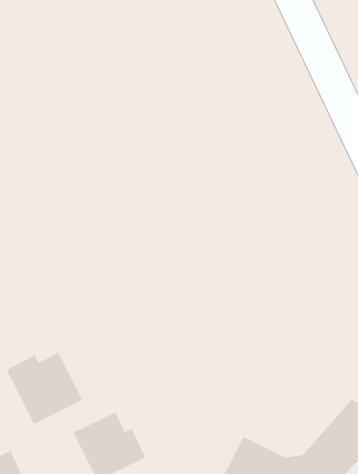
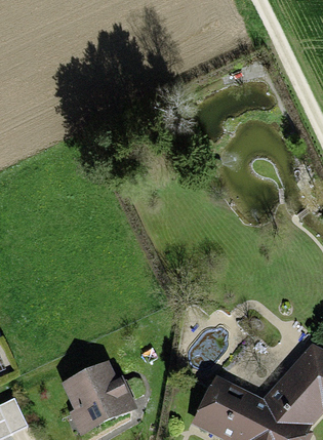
building: [6,352,83,425] -> none

